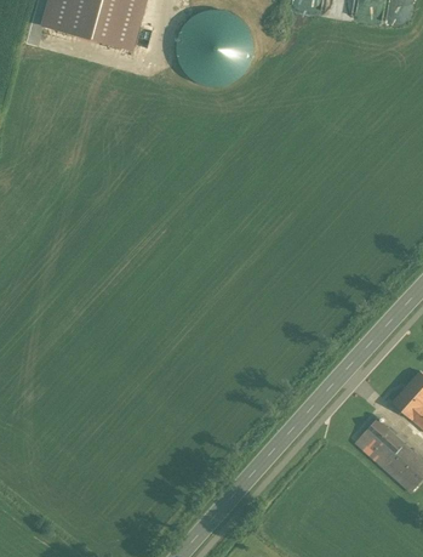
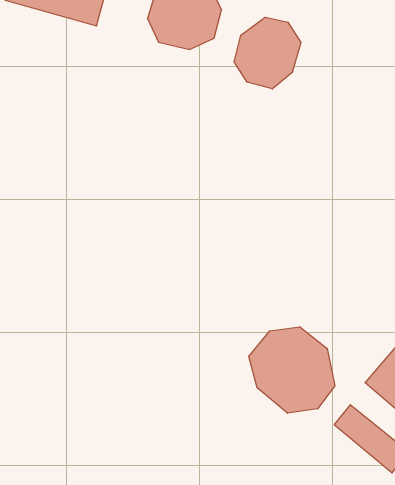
building: none -> [234,17,301,89]
building: none -> [249,327,335,413]

